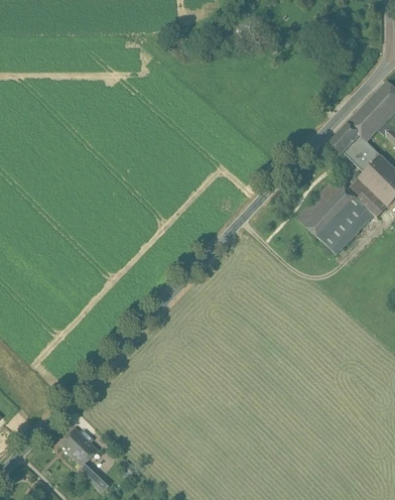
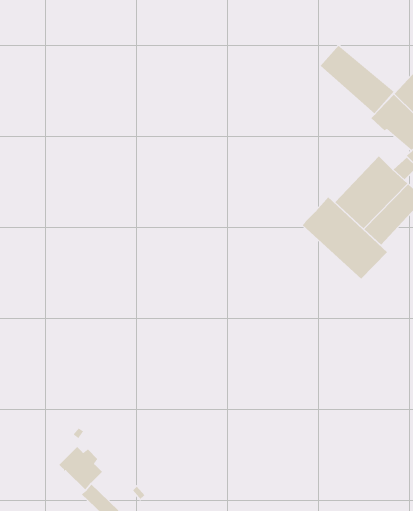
building: none -> [320,45,394,114]
building: none -> [302,196,388,279]

